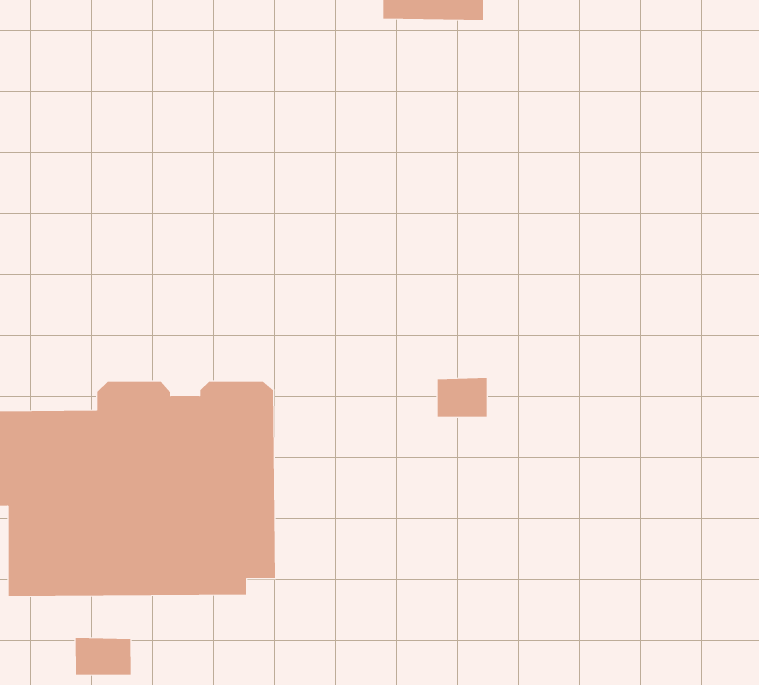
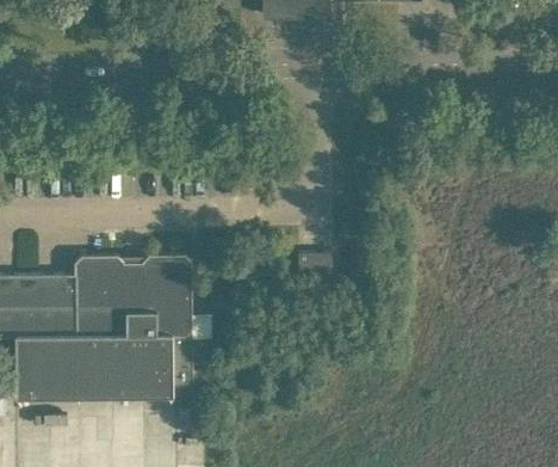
building: [75,637,131,676] -> none

